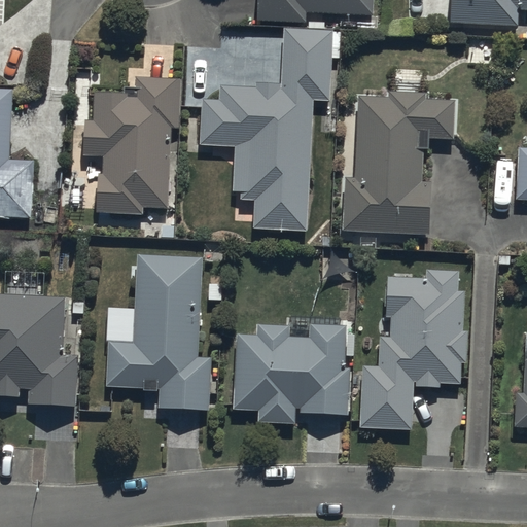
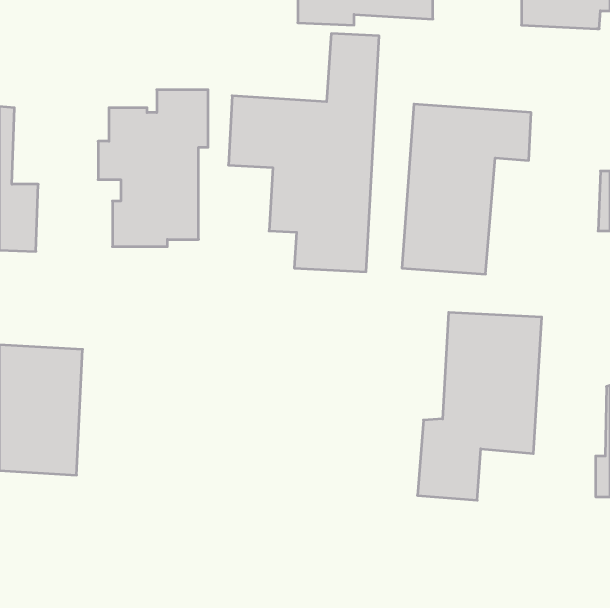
building: [108,254,211,411] -> none
building: [234,318,350,418] -> none

